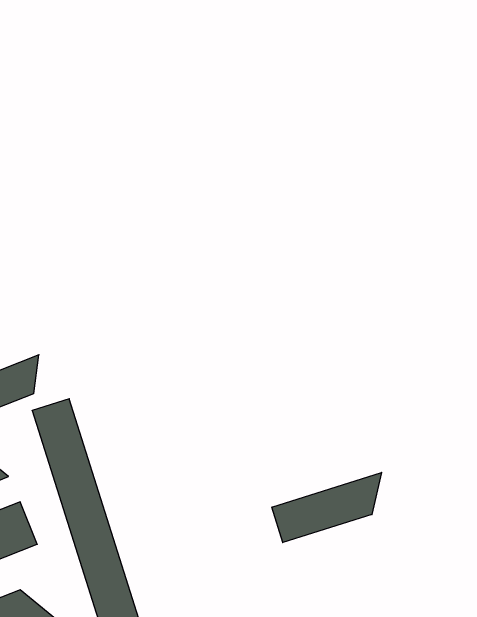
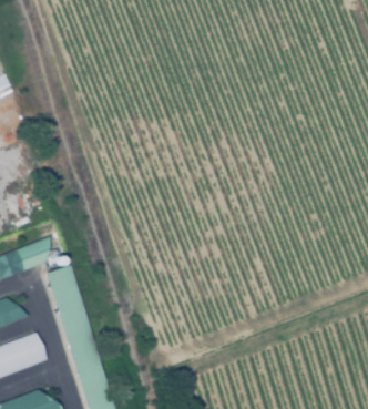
building: [272,472,382,543] -> none

